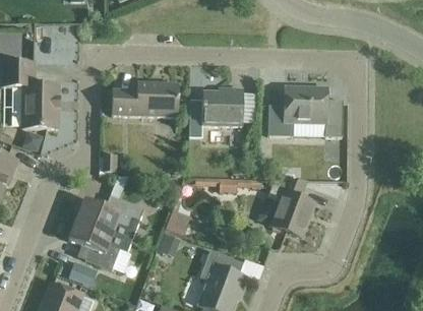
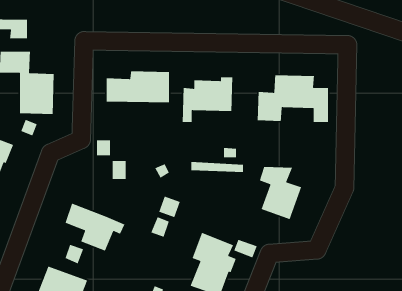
building: [76,195,144,241] -> none

